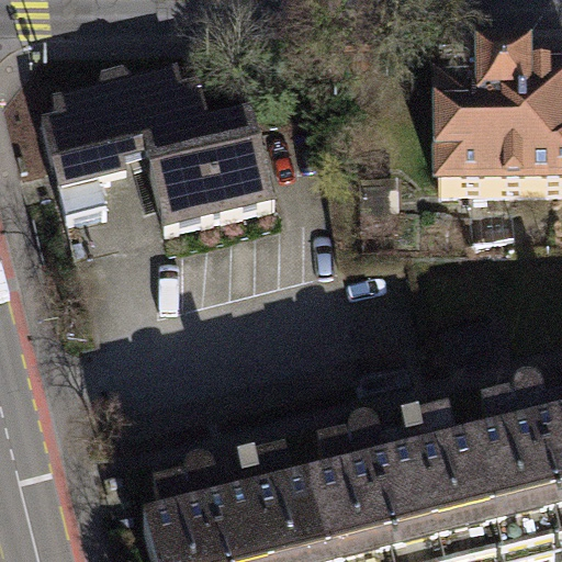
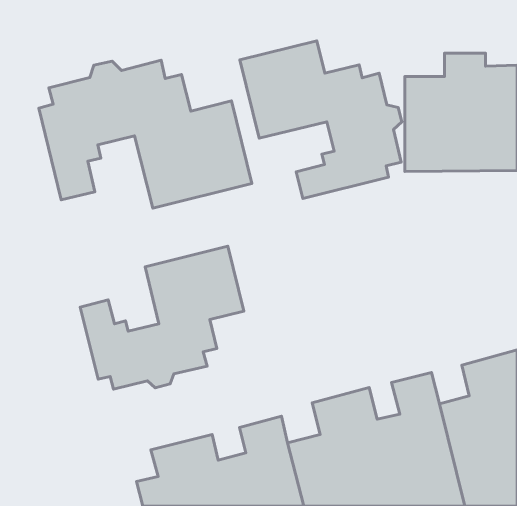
building: none -> [240,41,402,199]
building: none -> [80,246,244,389]

